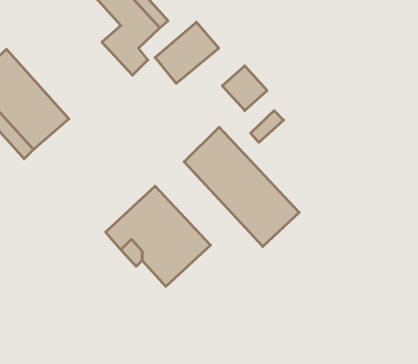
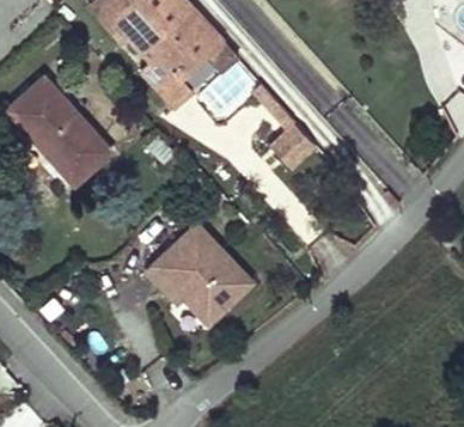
building: [184,127,299,247] -> none

